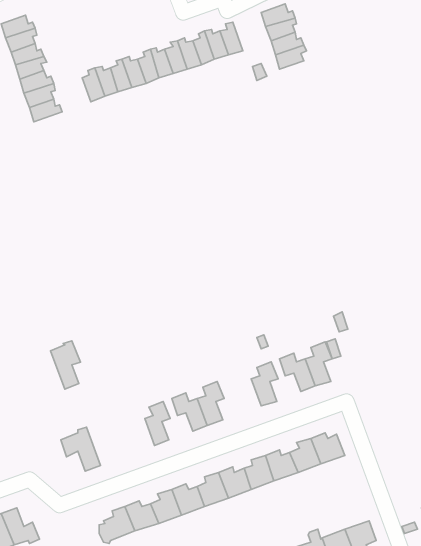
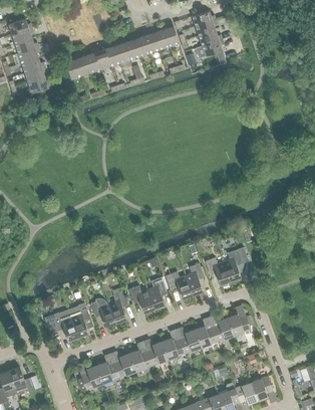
building: [51,341,80,389] -> [68,302,89,337]
building: none -> [165,271,192,298]
building: none -> [90,297,116,327]

